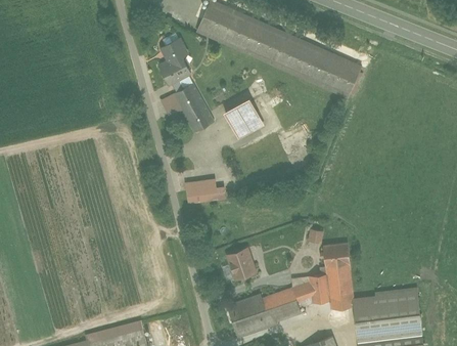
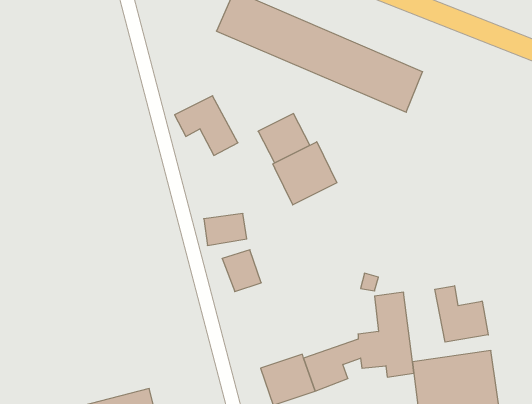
building: [157,40,191,84] -> none
building: none -> [273,142,337,205]
building: none -> [435,286,488,342]
building: [227,247,259,280] -> [222,250,261,292]

